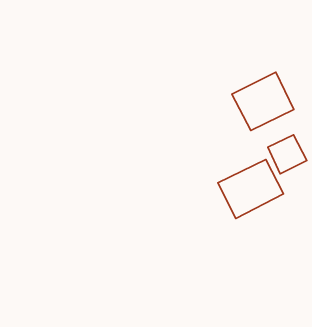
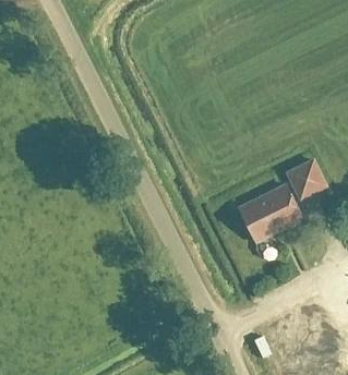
building: [232,72,294,131] -> none

